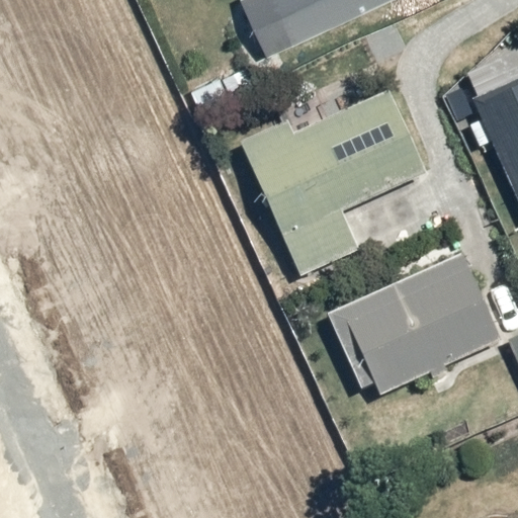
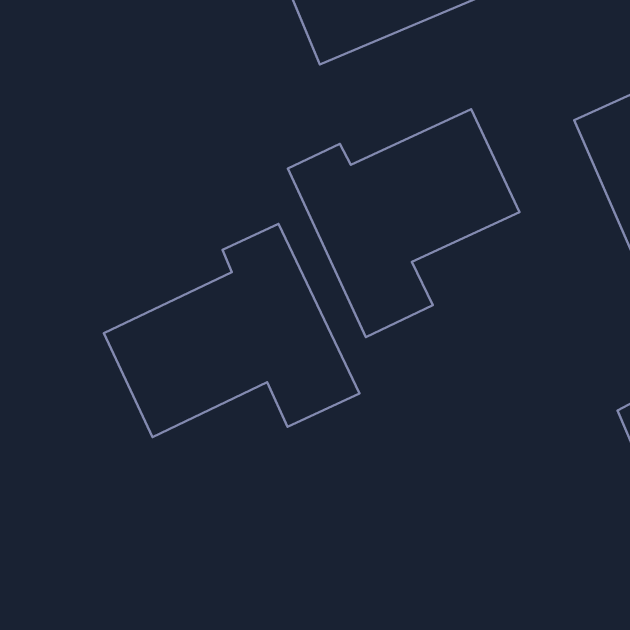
building: none -> [104,224,360,437]
building: [331,255,500,395] -> none

